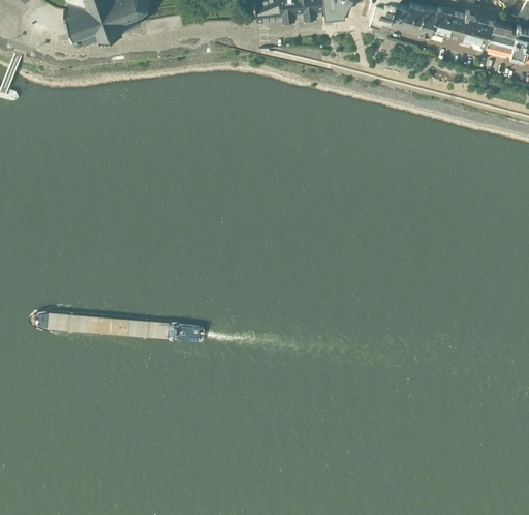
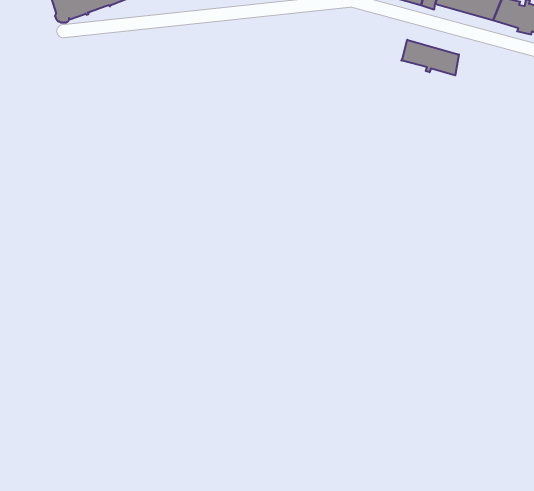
building: none -> [401,40,459,75]

